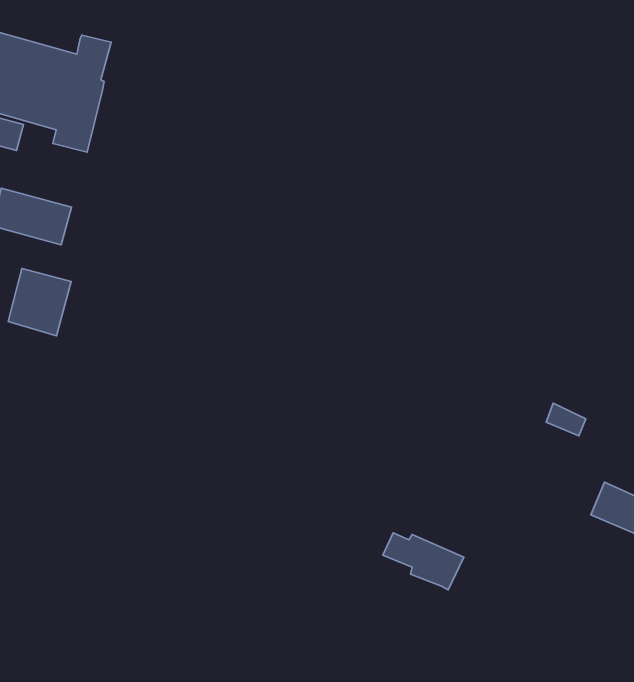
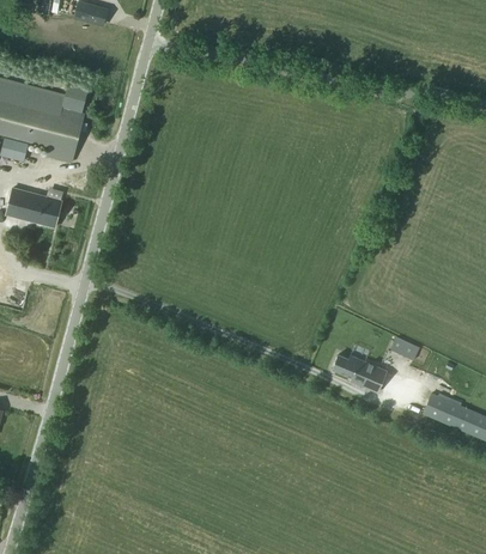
building: [8,268,71,336] -> none
building: [383,533,464,590] -> [332,354,388,394]

